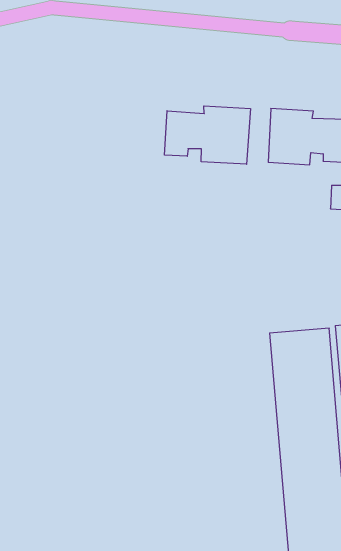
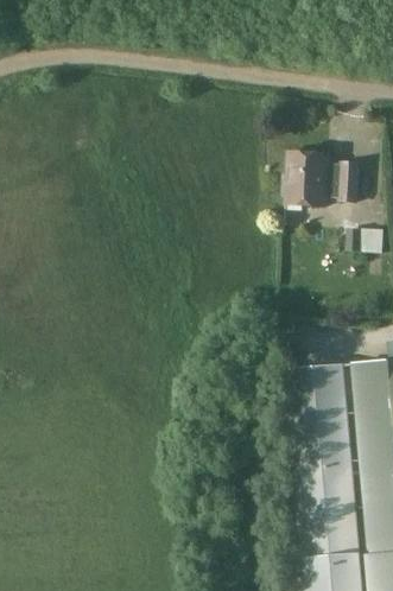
building: [165,106,250,164] -> none

